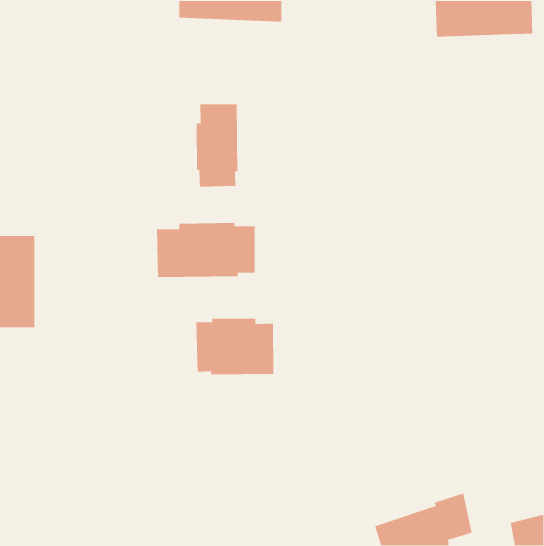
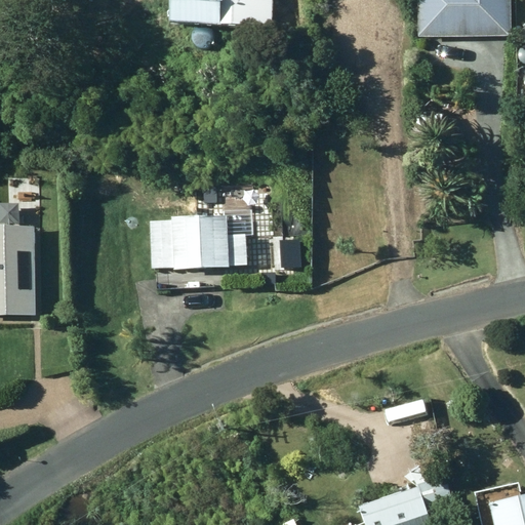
building: [196,104,238,187] -> none
building: [196,318,274,375] -> none

